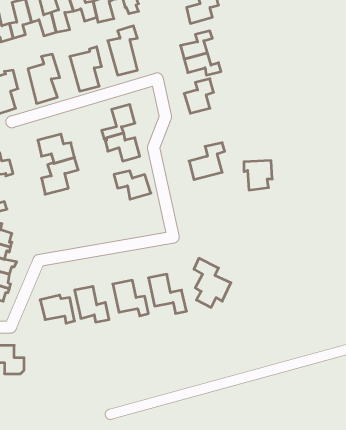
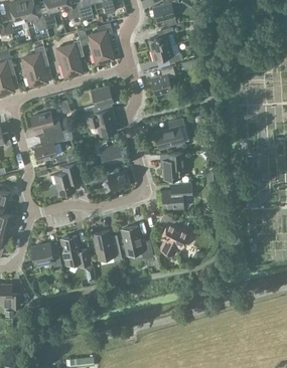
building: [244,161,272,190] -> [160,152,183,176]
building: none -> [50,162,81,193]
building: none -> [98,166,130,189]
building: none -> [162,181,192,208]

